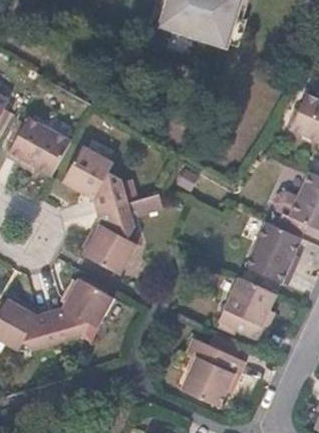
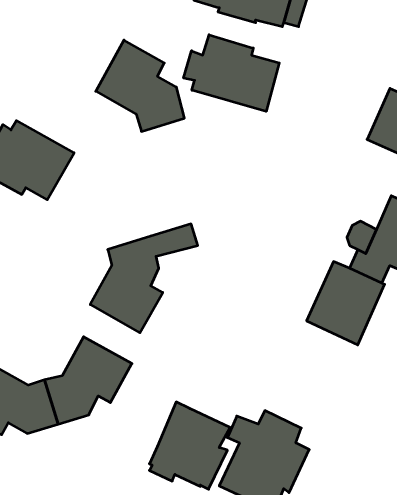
building: none -> [184,35,279,111]
building: [62,145,128,213] -> [96,40,184,131]
building: [218,276,278,342] -> [149,402,230,489]

